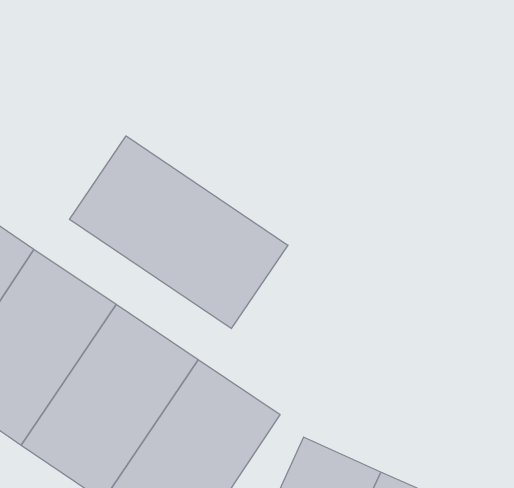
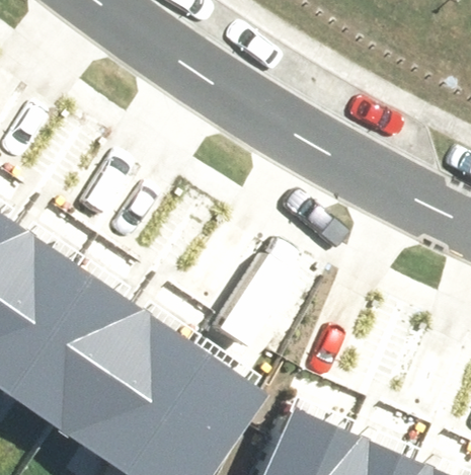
building: [69,136,288,329] -> none

